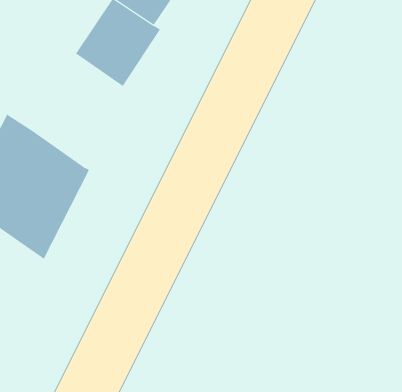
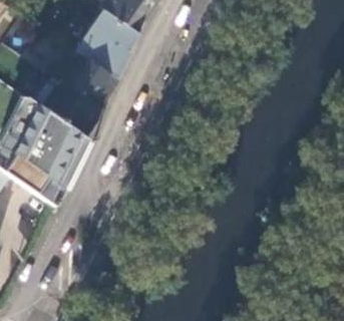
building: none -> [45,52,117,135]

